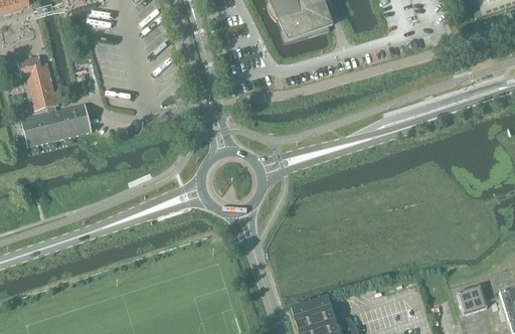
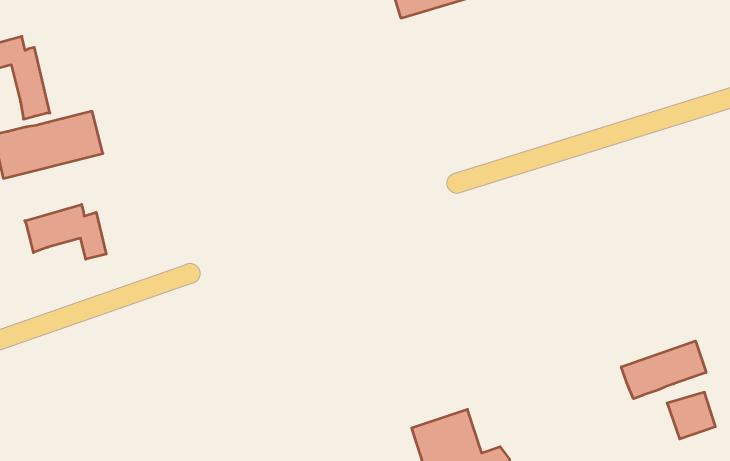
building: none -> [25,204,106,259]
building: none -> [621,341,706,399]

